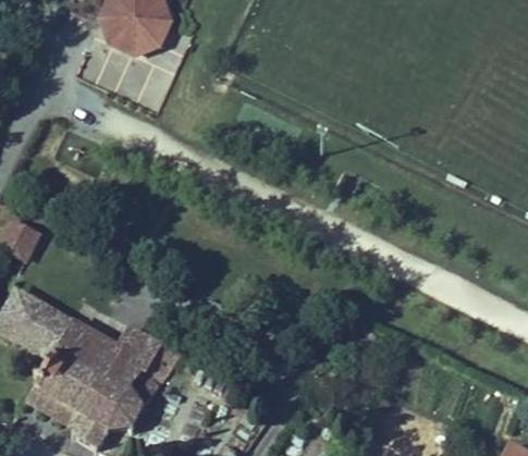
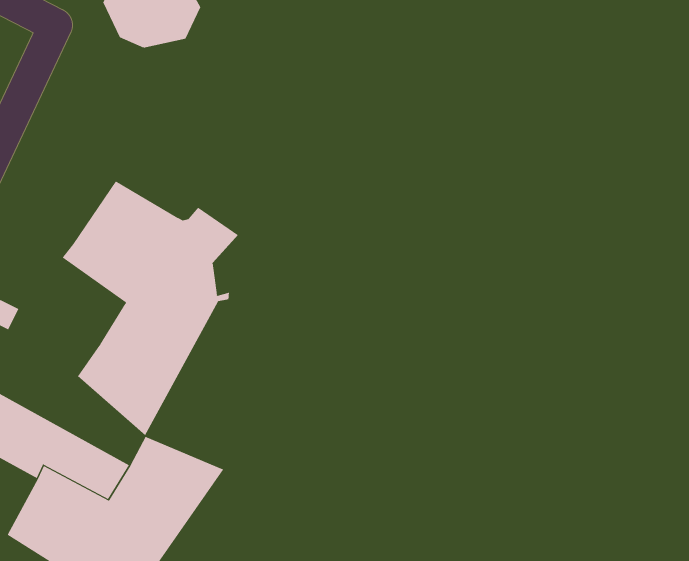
building: none -> [62,180,239,436]

